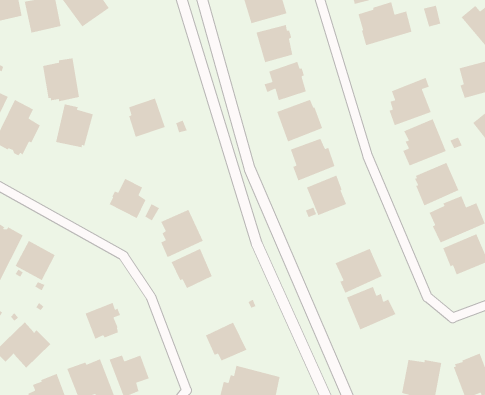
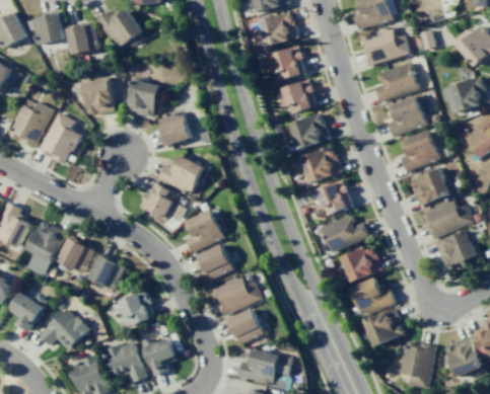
building: none -> [373,61,417,102]
building: [55,103,94,148] -> [126,77,160,116]
building: none -> [157,155,204,195]
building: none -> [320,216,367,253]
building: none -> [88,253,125,290]
building: none -> [212,273,262,317]
building: none -> [363,309,405,347]

